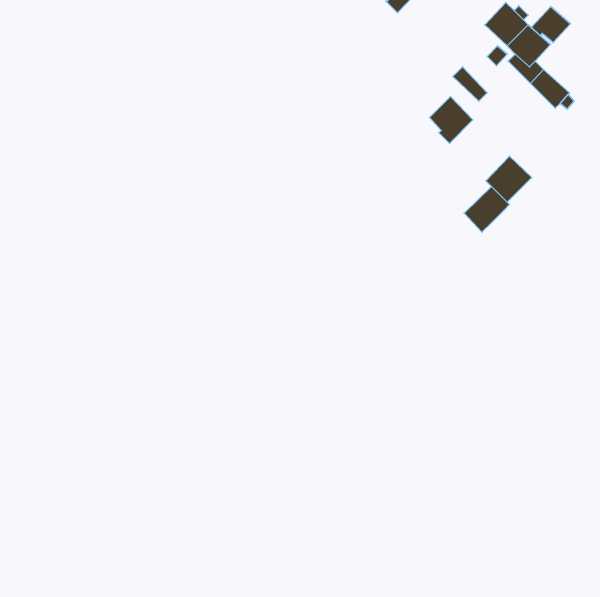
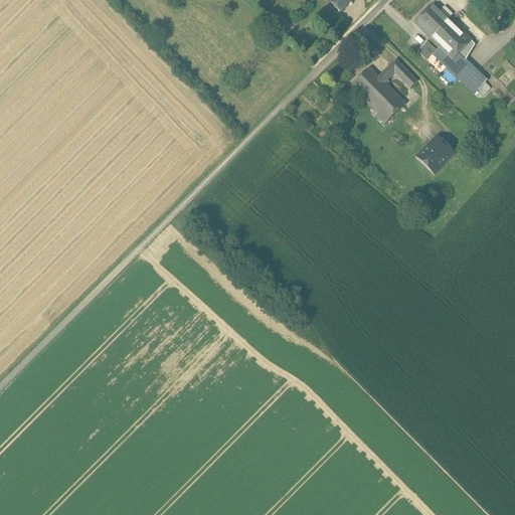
building: [531,6,571,43] -> none
building: none -> [350,65,393,101]
building: [464,187,510,232] -> none

